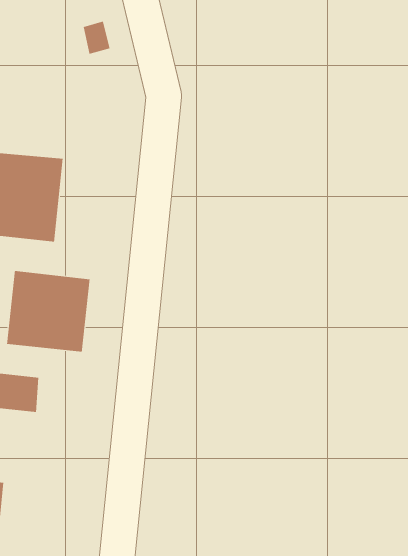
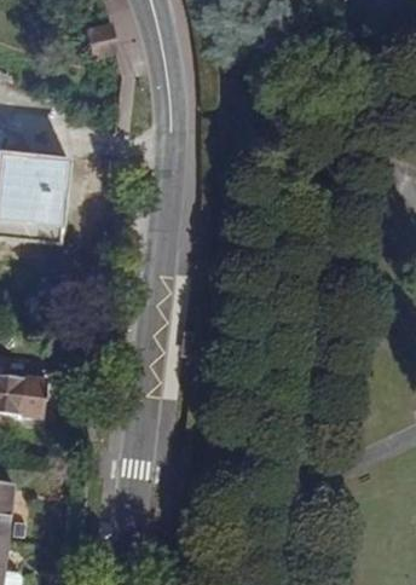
building: [7,270,90,352] -> none

